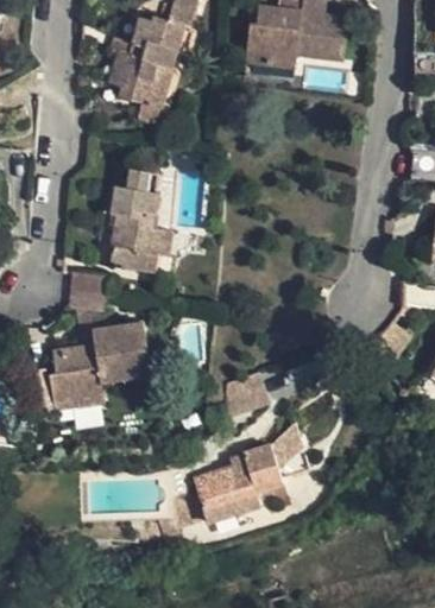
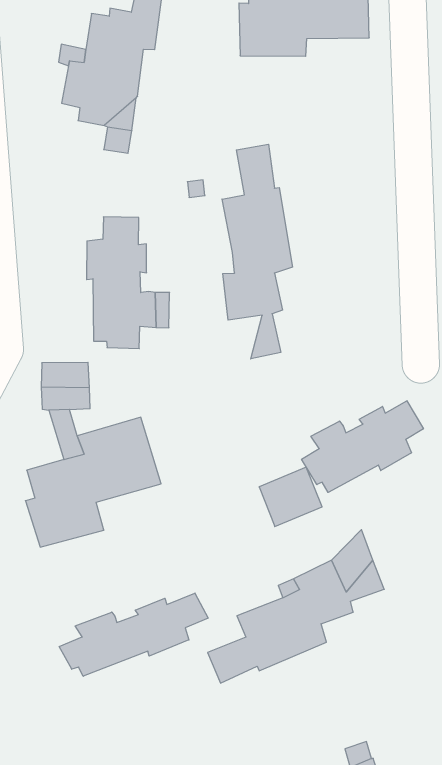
building: none -> [222,144,293,359]
building: none -> [302,401,423,492]
building: none -> [59,593,208,676]

